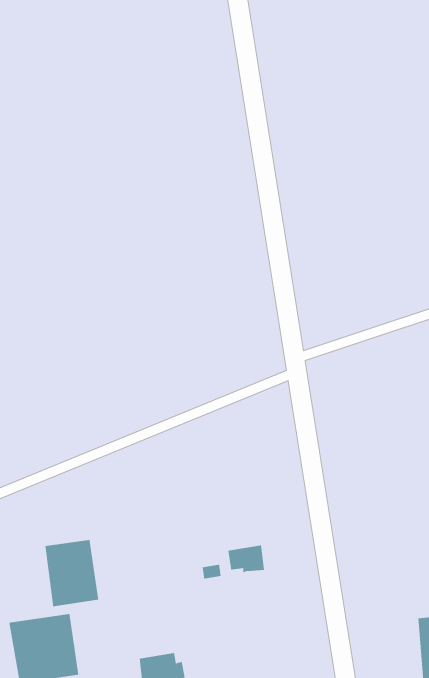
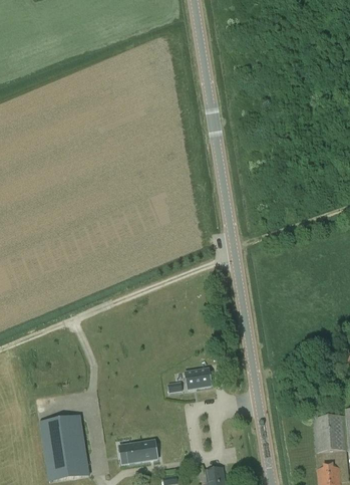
building: [45,539,99,607] -> none

